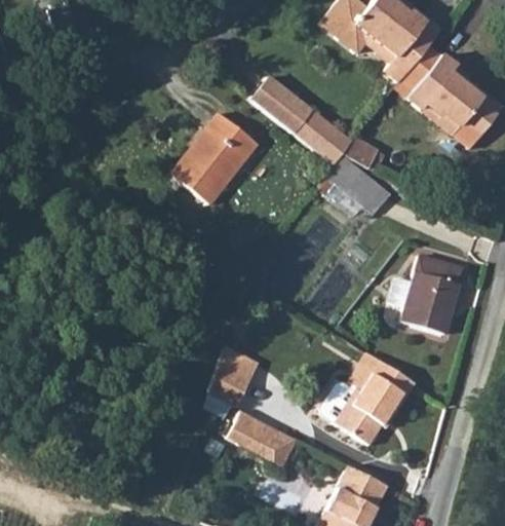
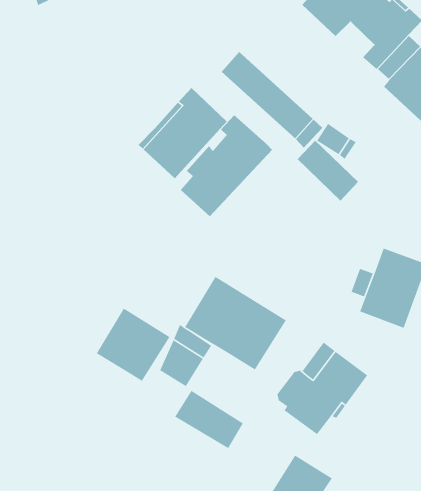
building: none -> [180,114,273,217]
building: none -> [184,276,287,371]
building: none -> [96,308,171,382]

